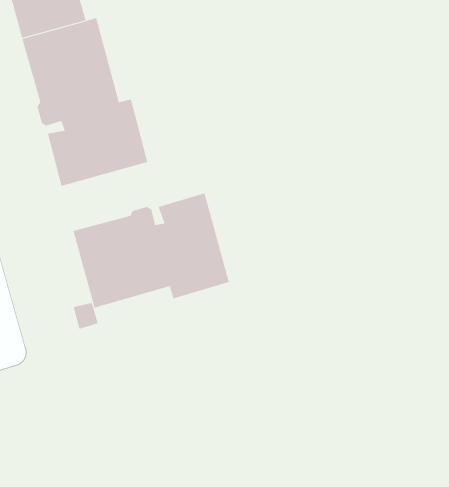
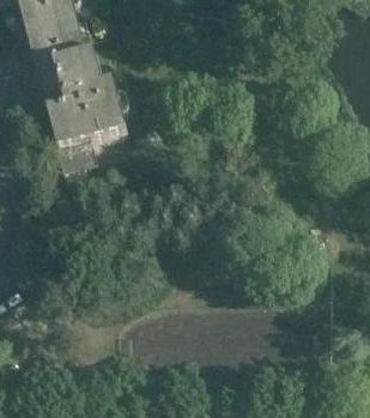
building: [73,192,230,308] -> none

